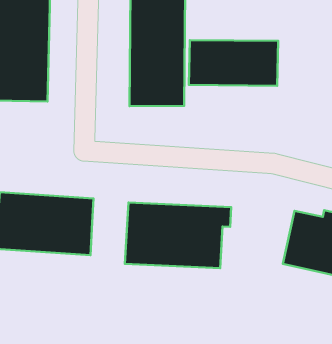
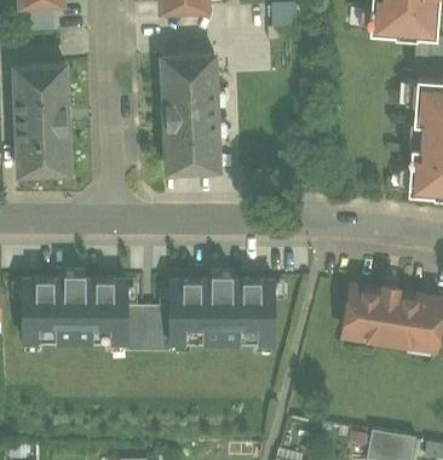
building: [189,40,278,86] -> none
building: none -> [130,305,168,351]

